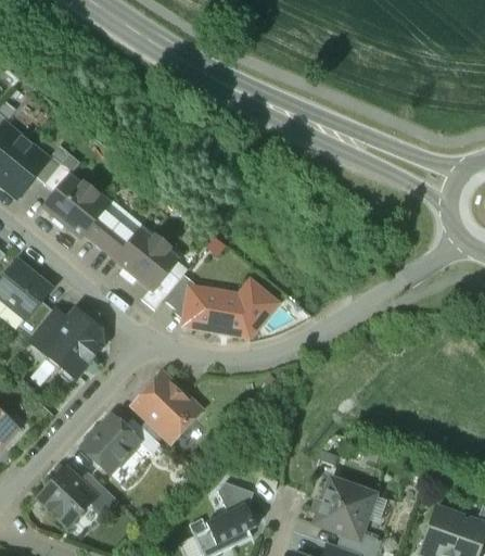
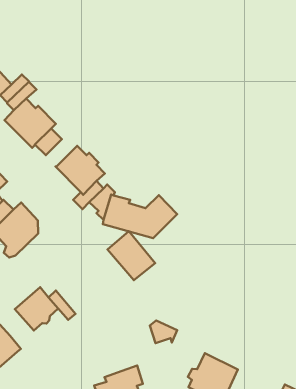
building: [100,222,133,257] -> none
building: [135,375,197,437] -> [107,231,155,280]
building: [79,470,116,511] -> none
building: [217,480,253,509] -> [150,320,177,343]

